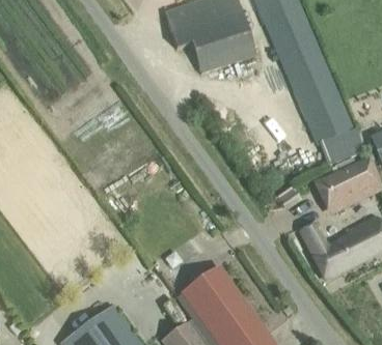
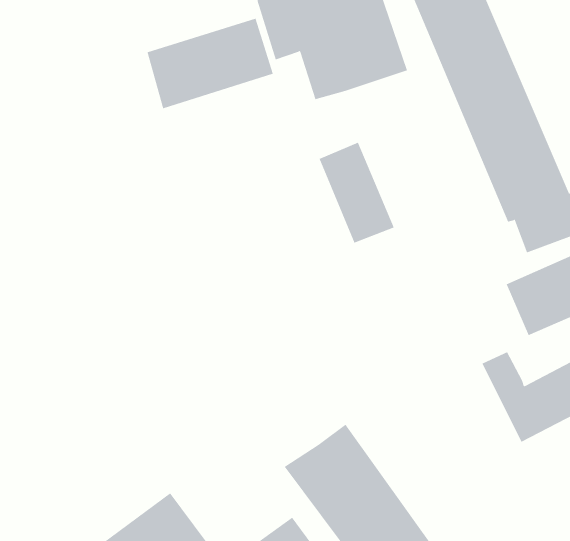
building: none -> [147,18,274,109]
building: none -> [319,142,395,243]

